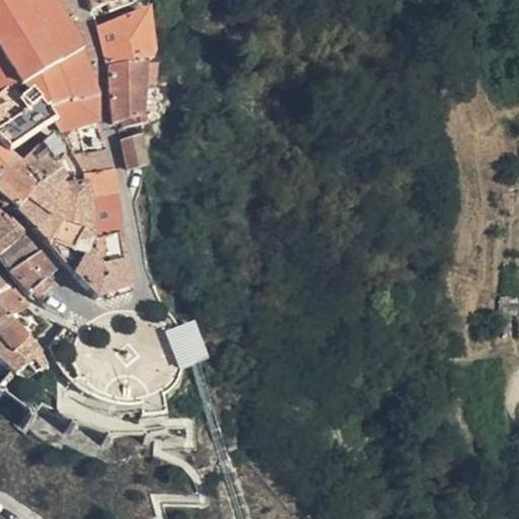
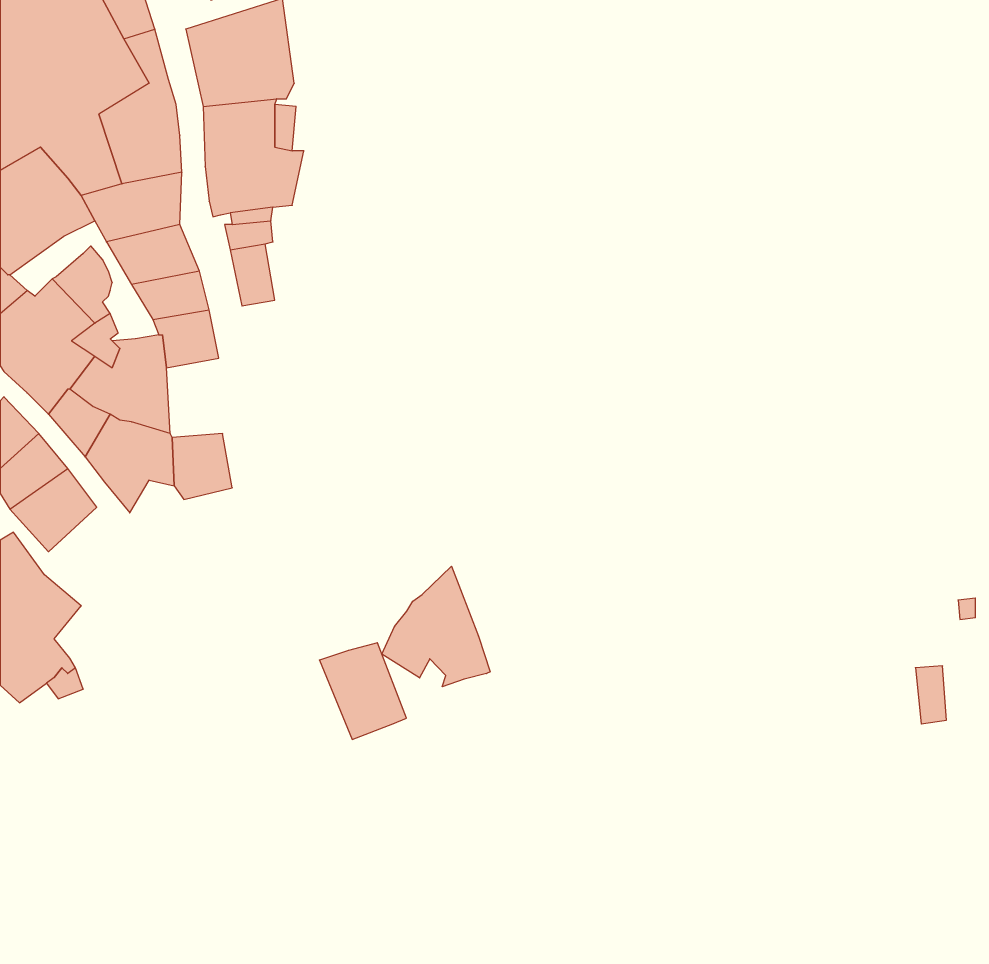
building: [87,188,117,229] -> none
building: [68,251,127,294] -> none
building: none -> [382,566,490,687]

